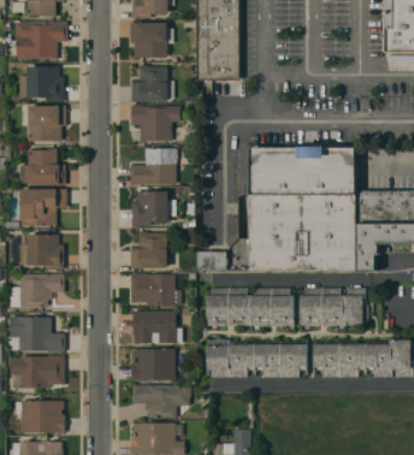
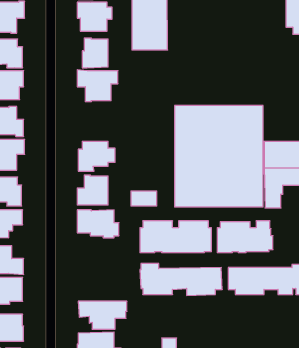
building: [130,147,176,184] -> none
building: [131,309,182,342] -> none
building: [130,348,175,380] -> none

